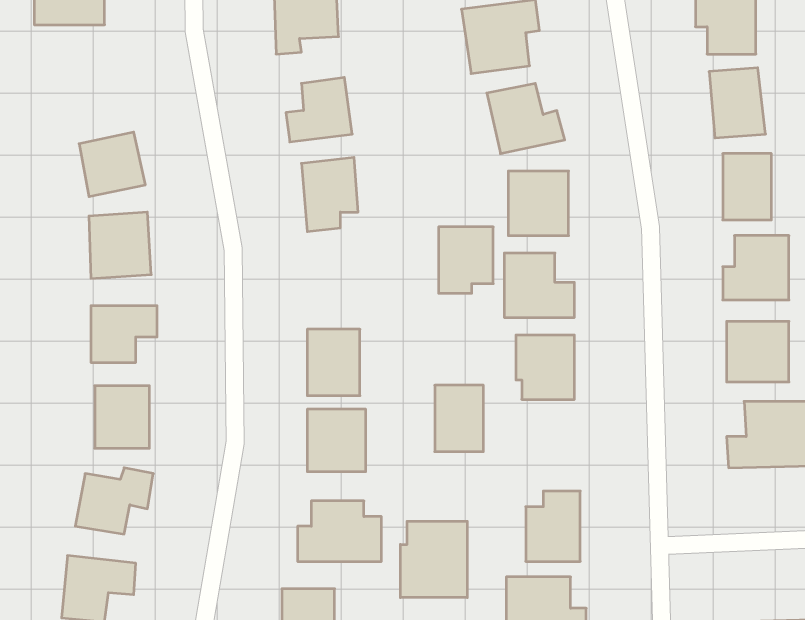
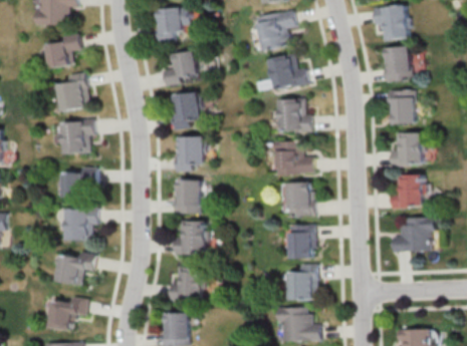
building: none -> [46,33,81,69]
building: [439,227,493,293] -> [177,136,205,170]
building: [435,385,483,452] -> [287,226,312,260]
building: [400,521,467,598] -> none

